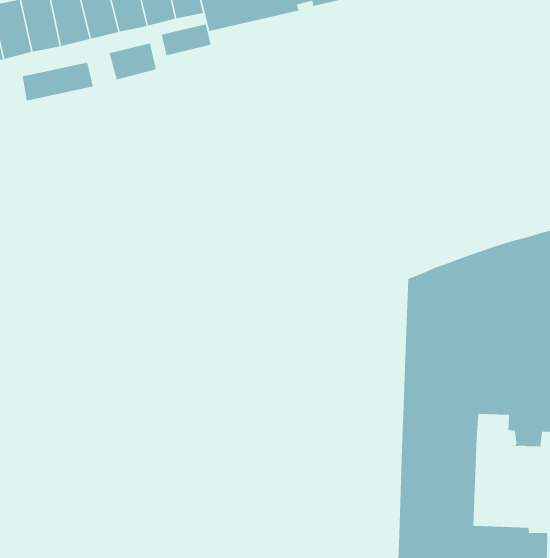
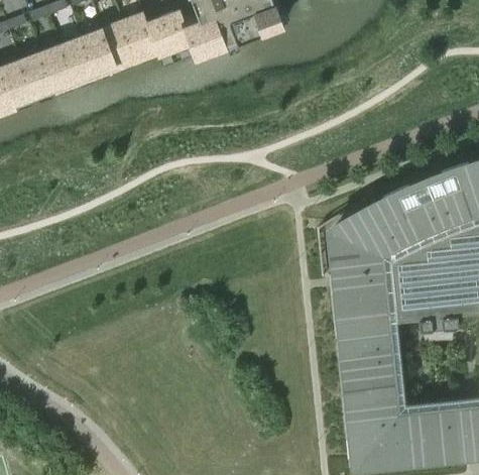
building: [161,23,212,56] -> none
building: [108,43,157,80] -> none
building: [22,62,94,101] -> none

